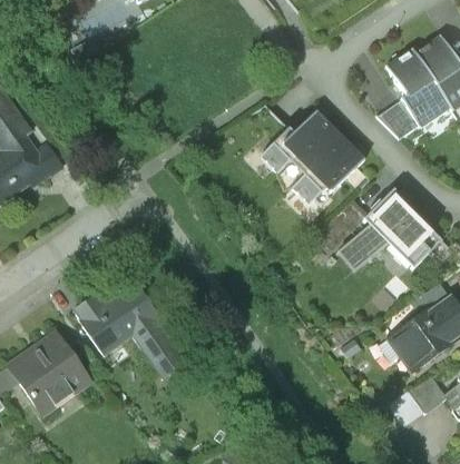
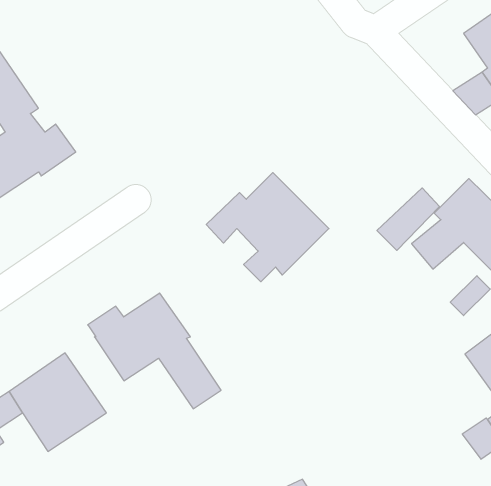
building: [263,112,365,204] -> [206,173,329,282]

